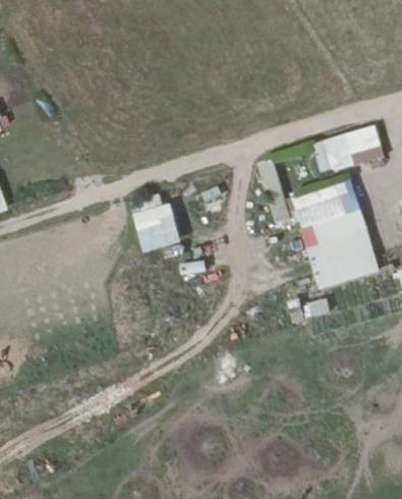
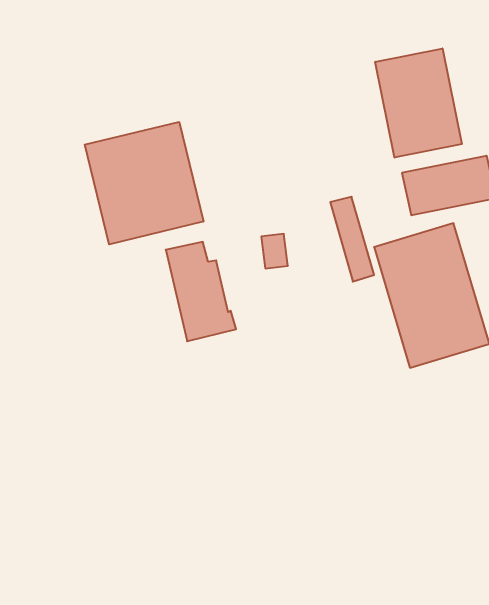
building: none -> [375,48,462,158]
building: none -> [85,122,203,244]

